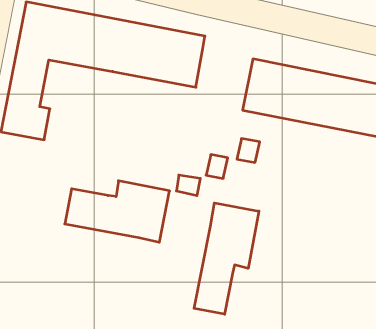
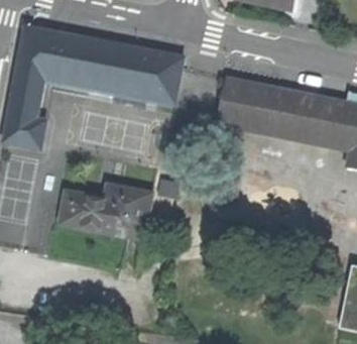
building: [194,203,259,314] -> none

